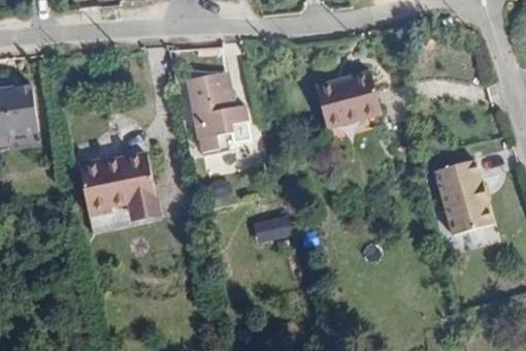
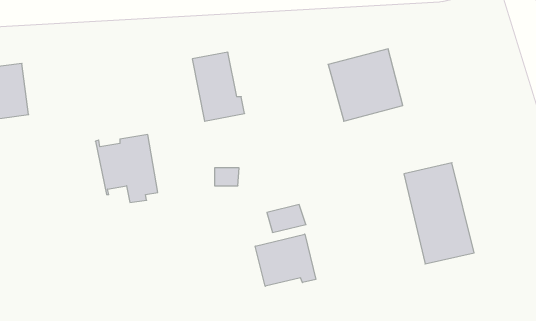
building: [77,160,109,213] -> none
building: [436,160,501,254] -> [404,163,474,264]
building: none -> [255,234,316,286]

